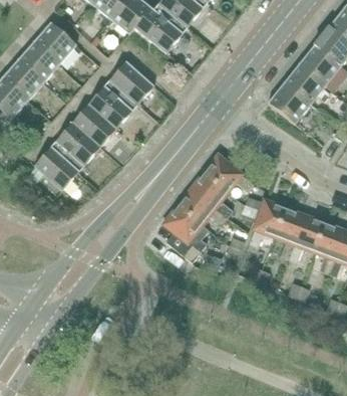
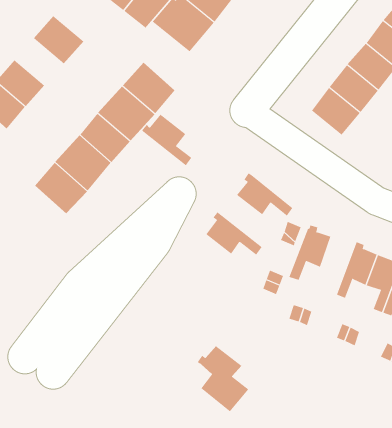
building: [17,40,59,80] -> none
building: [189,173,232,217] -> [141,114,192,166]
building: [162,206,207,262] -> [197,345,249,412]
building: [276,208,306,257] -> none

